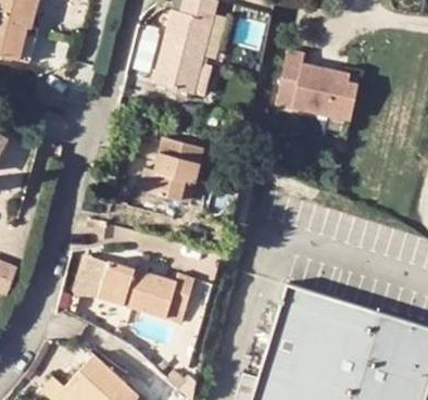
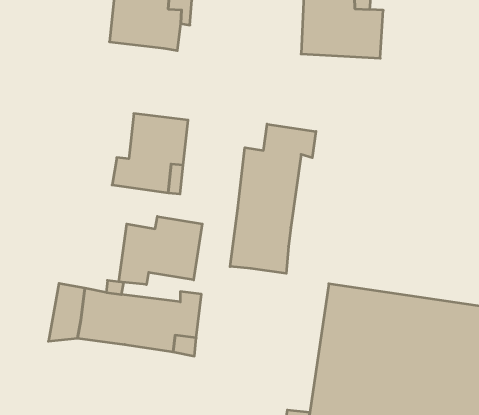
building: none -> [230,124,316,273]
building: none -> [119,216,202,285]

